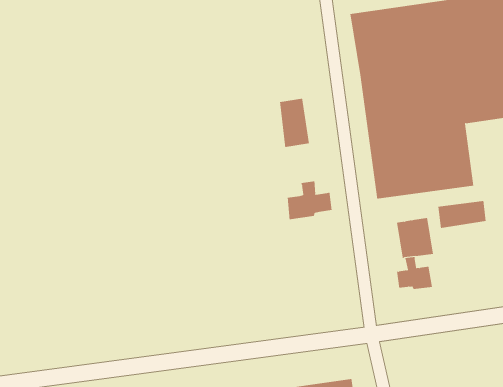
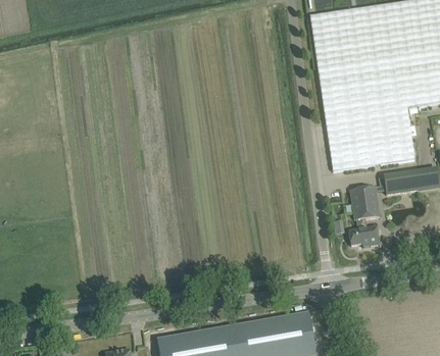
building: [279,98,309,148] -> none
building: [287,180,332,220] -> none

